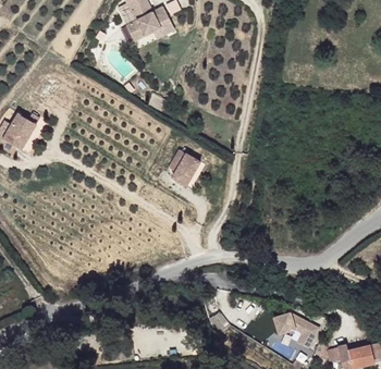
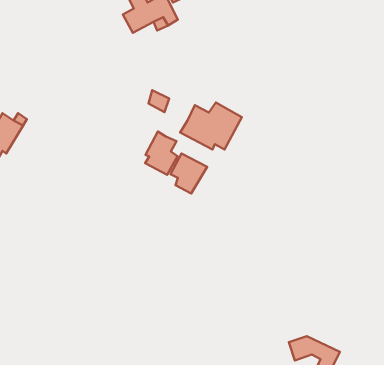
building: none -> [180,103,242,150]
building: none -> [145,131,178,175]

